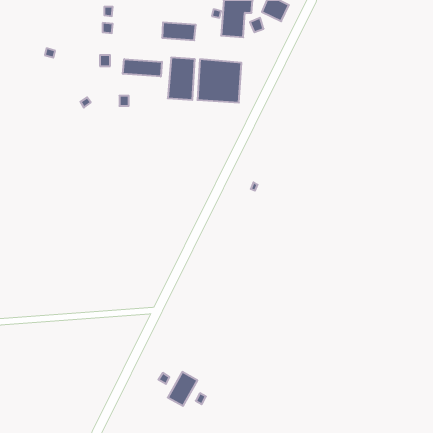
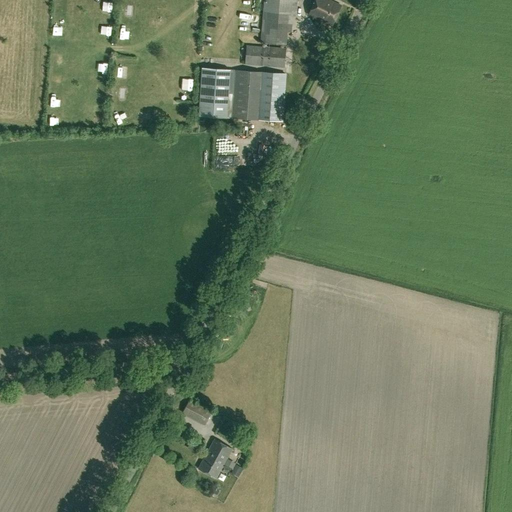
building: [162,22,196,40] -> [246,46,286,67]
building: [123,59,162,77] -> none
building: none -> [184,398,213,425]

